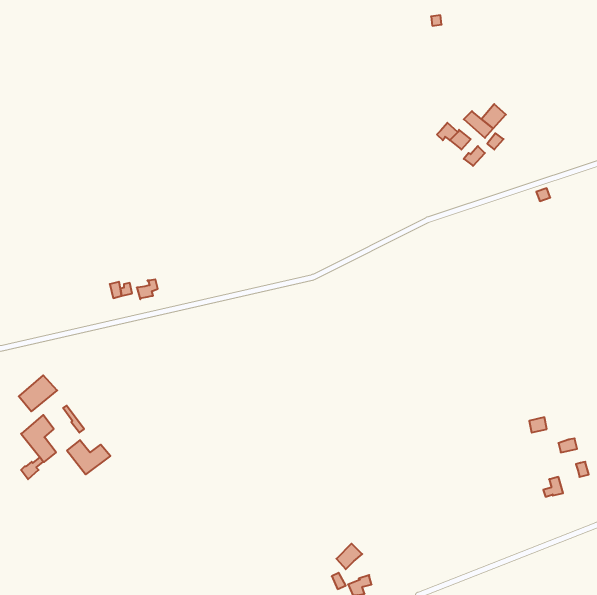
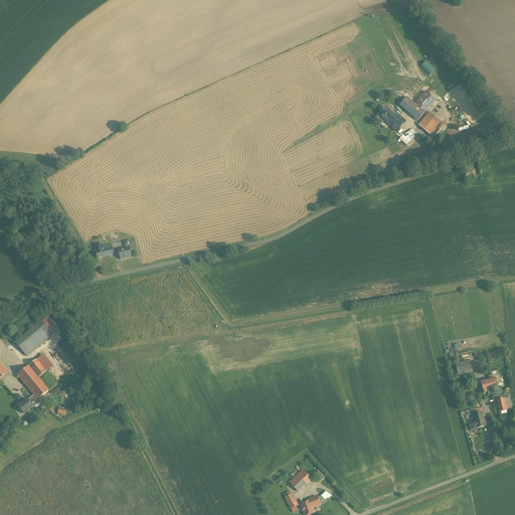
building: [67,440,110,474] -> none

